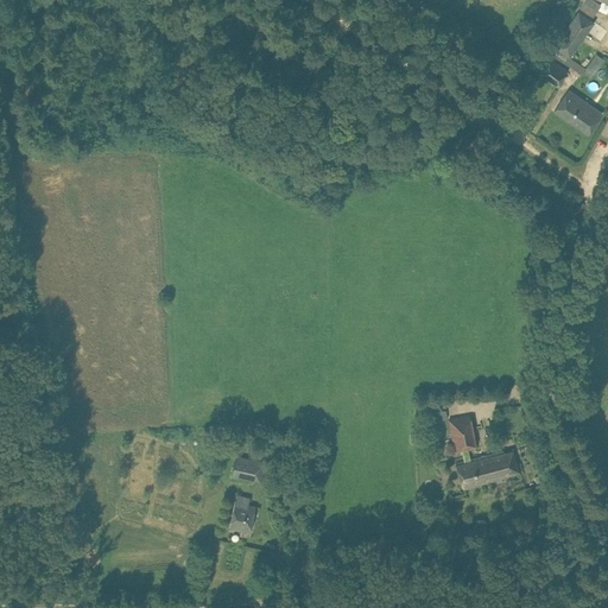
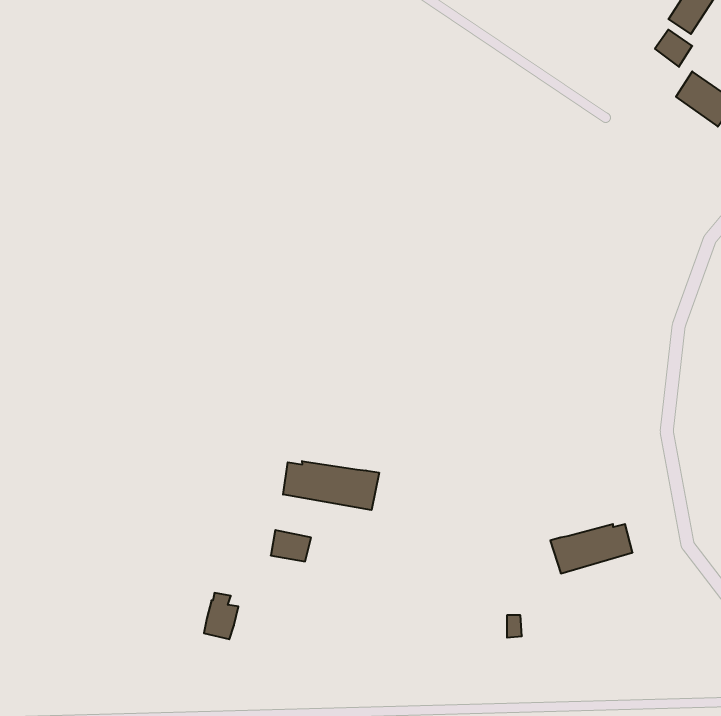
building: none -> [283,461,379,510]
building: [450,416,477,461] -> none
building: [230,495,258,532] -> [204,593,238,639]

